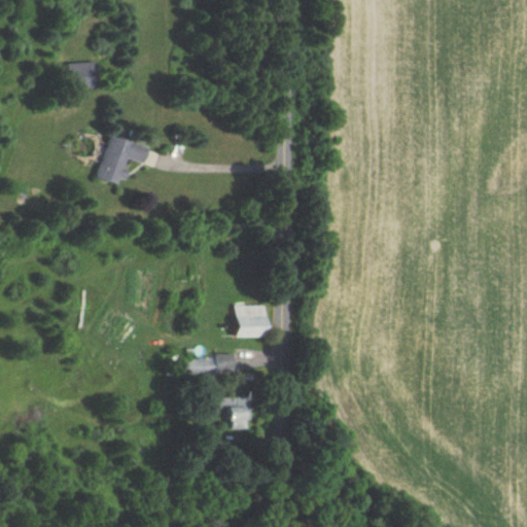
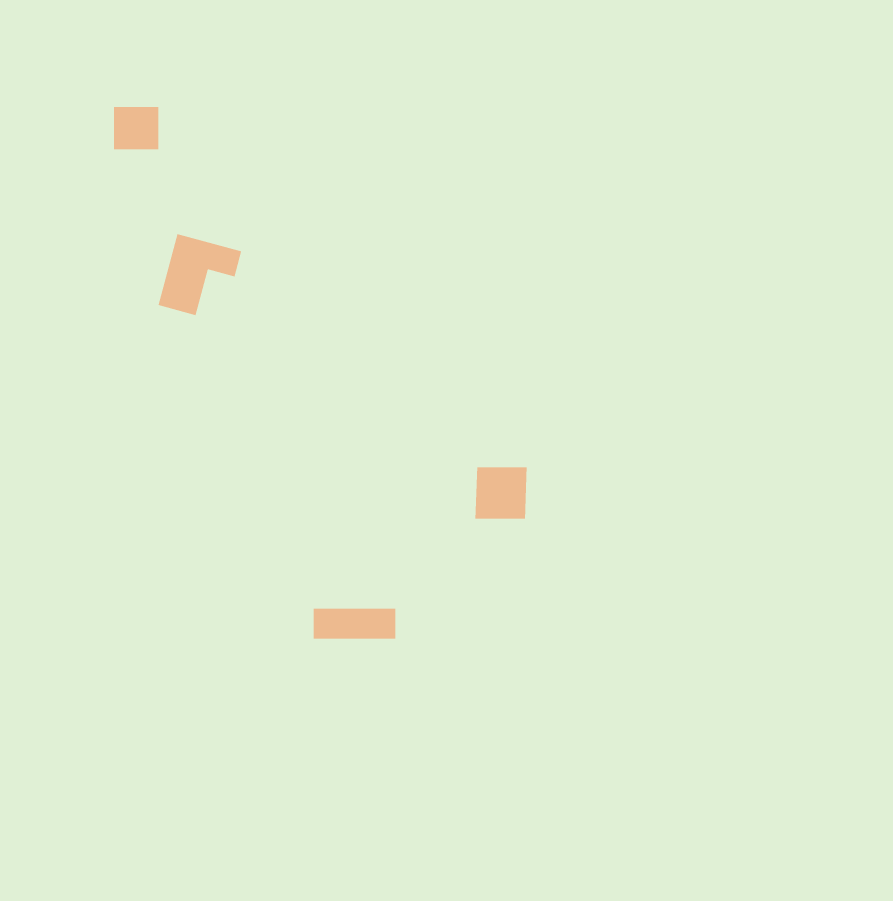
building: [237,305,268,336] -> [475,466,528,519]
building: [221,396,253,428] -> none

